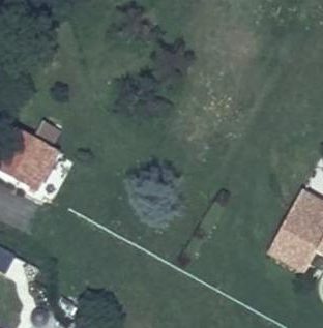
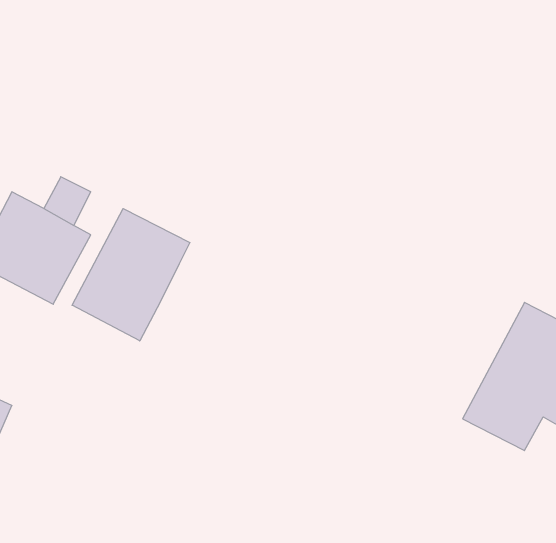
building: none -> [72,209,190,341]

